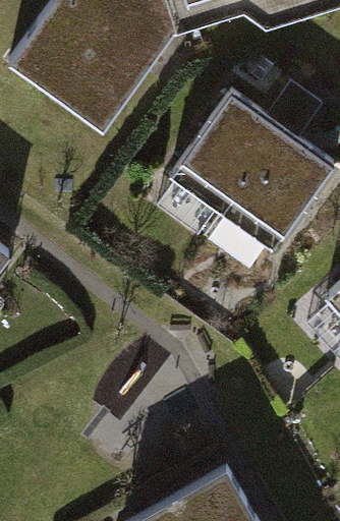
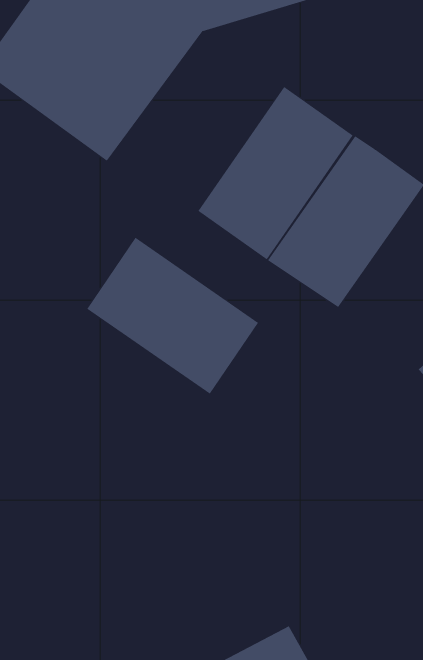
building: none -> [86,237,259,394]

